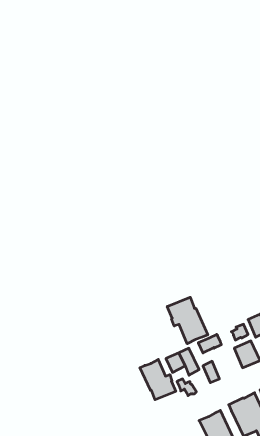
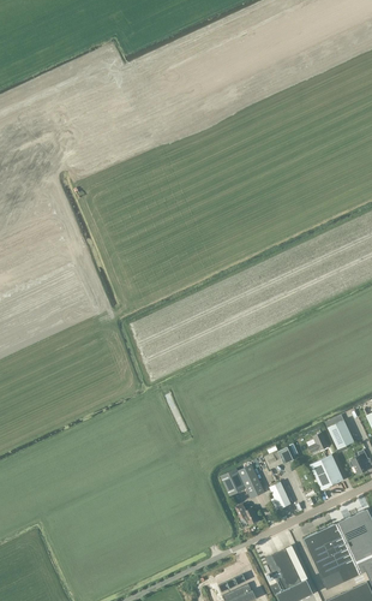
building: [167,297,208,344] -> none
building: [140,359,176,400] -> none

